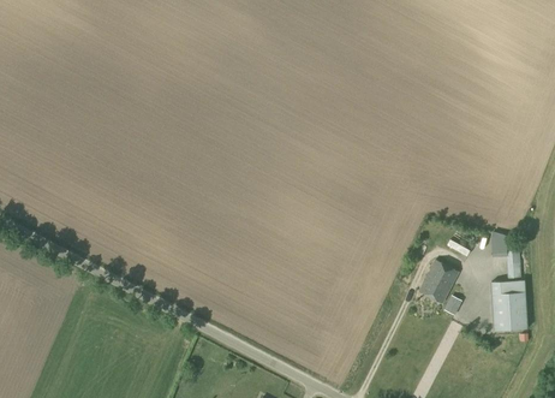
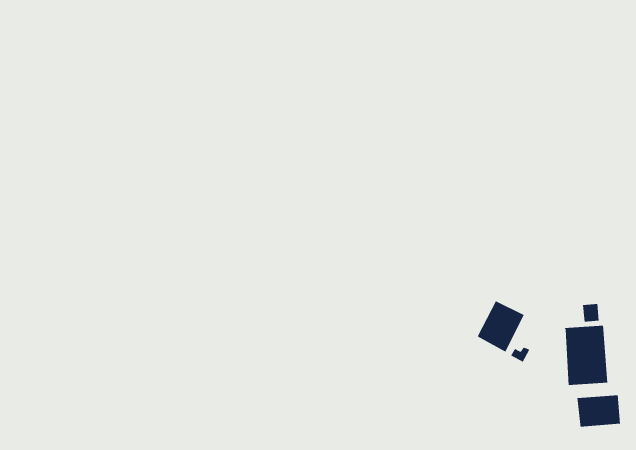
building: none -> [577,394,621,428]

